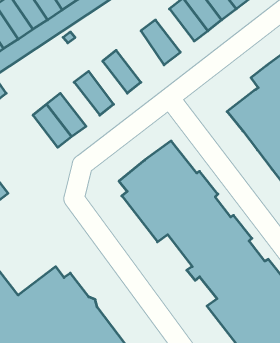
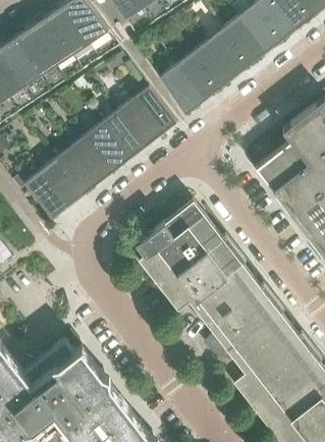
building: none -> [176,53,219,101]
building: none -> [132,86,176,134]
building: none -> [102,111,145,159]
building: none -> [70,134,114,183]
building: none -> [23,171,67,219]

